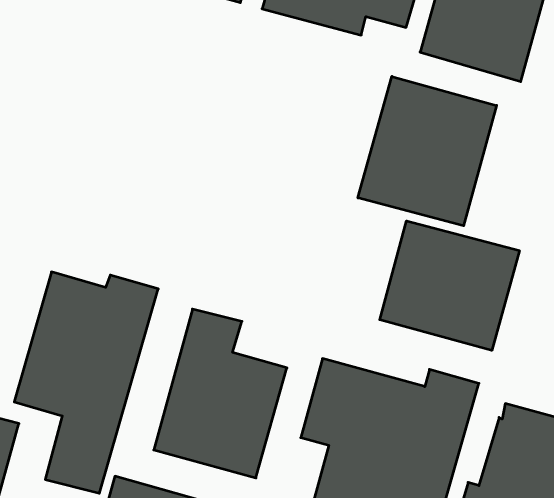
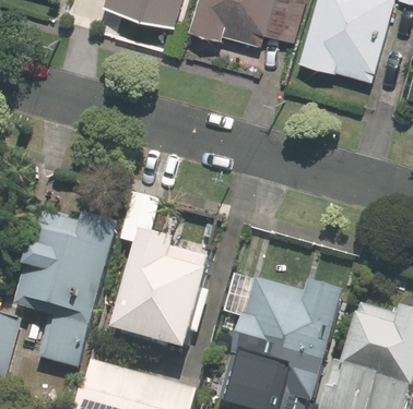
building: [358,76,497,226] -> none
building: [380,221,519,350] -> none

